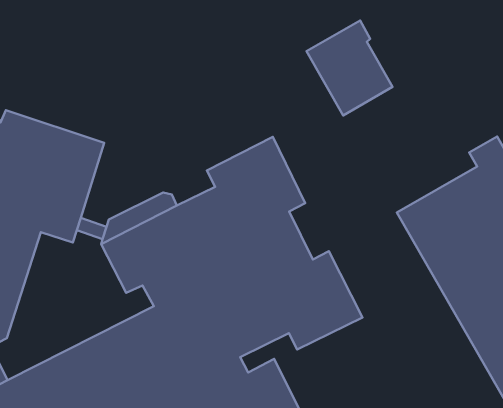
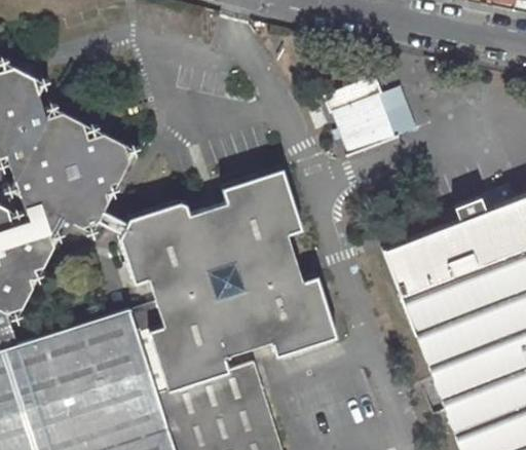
building: none -> [378,87,417,140]

